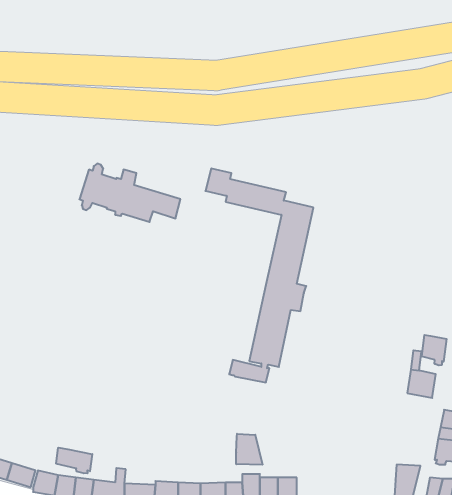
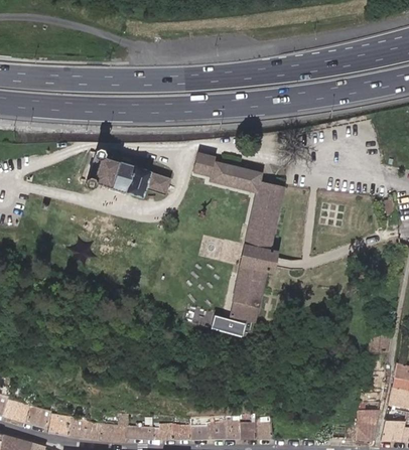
building: [422,335,447,365] -> none
building: [236,434,262,465] -> none
building: [56,448,92,473] -> none

